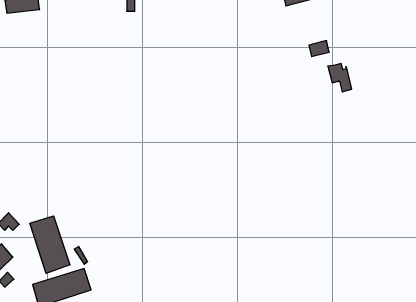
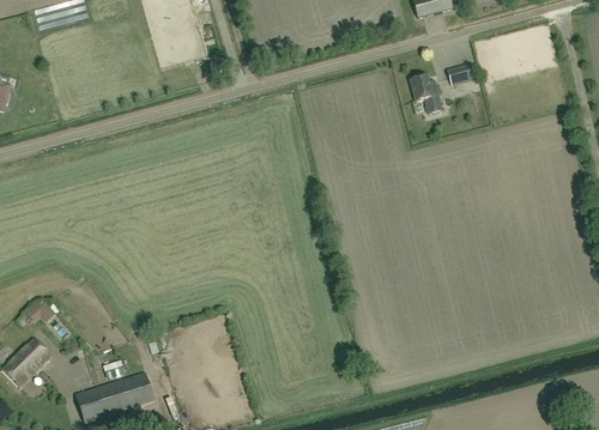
building: [328,63,352,92] -> [410,77,442,115]
building: [30,216,70,273] -> none

